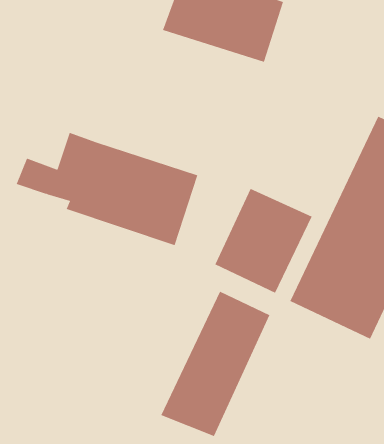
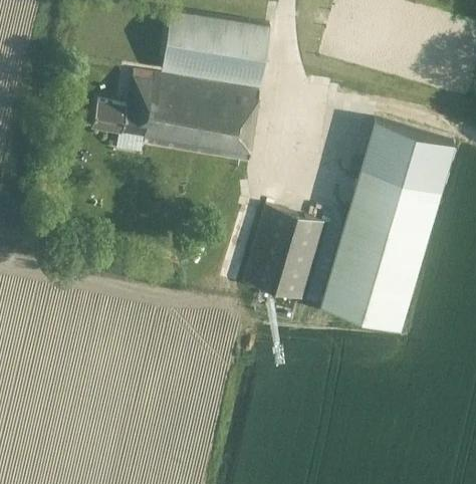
building: [16,132,198,246] -> [91,71,260,162]
building: [161,291,270,437] -> none

